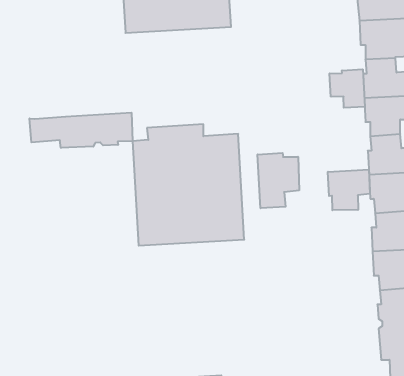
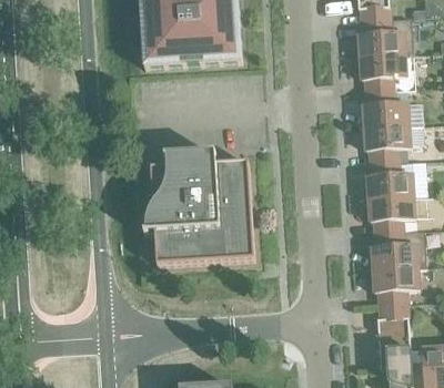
building: [330,69,365,108] -> none
building: [30,113,133,148] -> none
building: [258,153,299,208] -> none
building: [328,170,370,210] -> none

